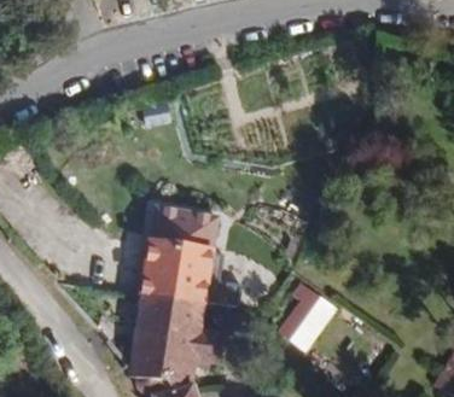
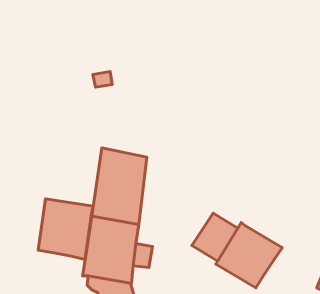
building: none -> [38,199,93,259]
building: none -> [216,223,282,288]

